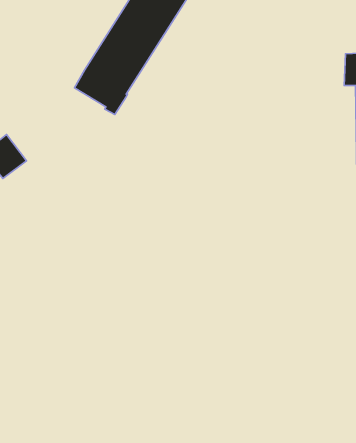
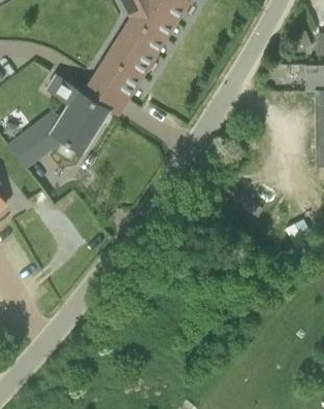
building: none -> [47,74,110,151]

